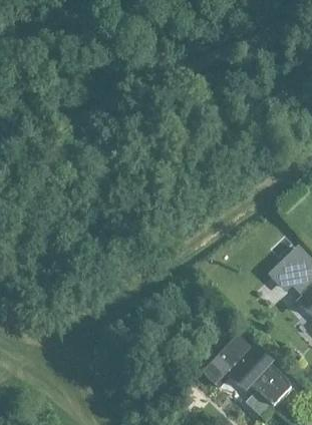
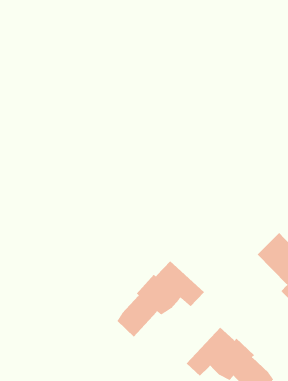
building: none -> [117,260,205,338]

